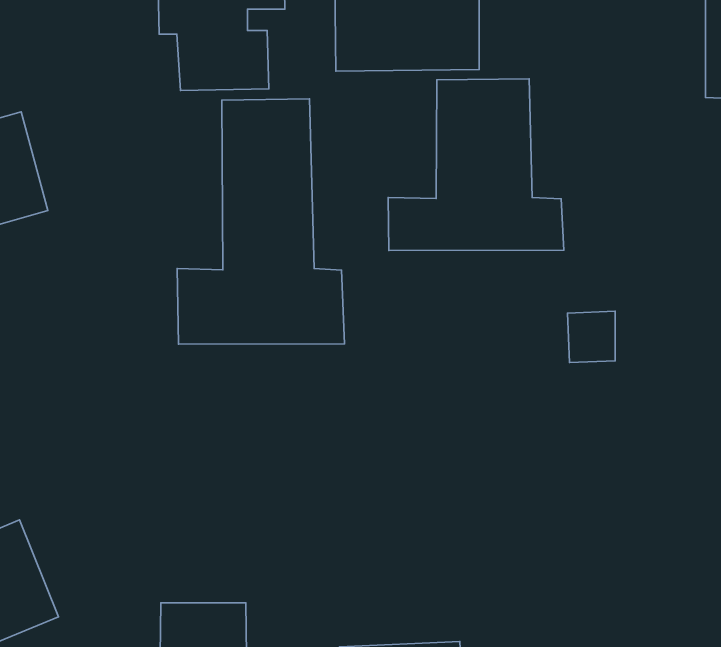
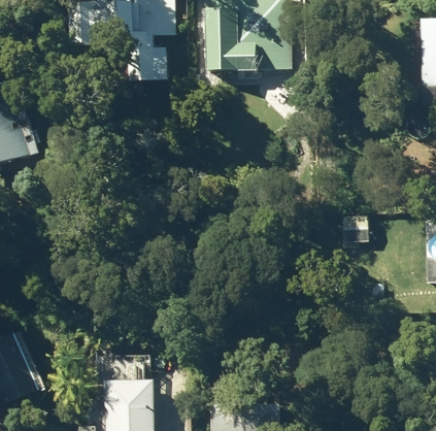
building: [388,79,564,251] -> none
building: [177,99,345,344] -> none

